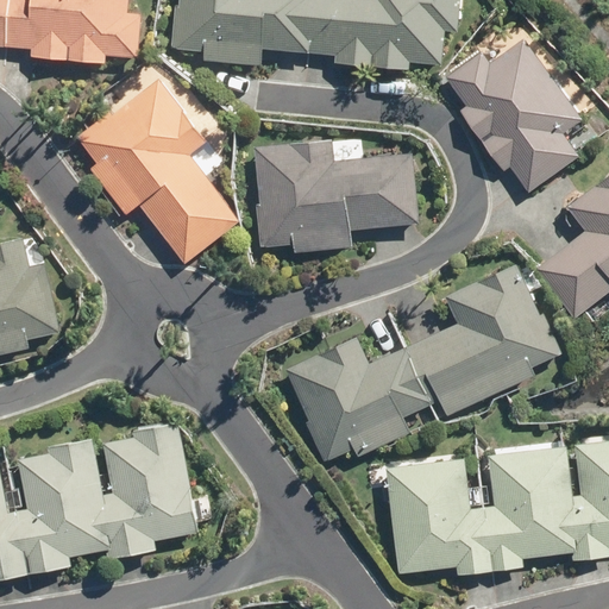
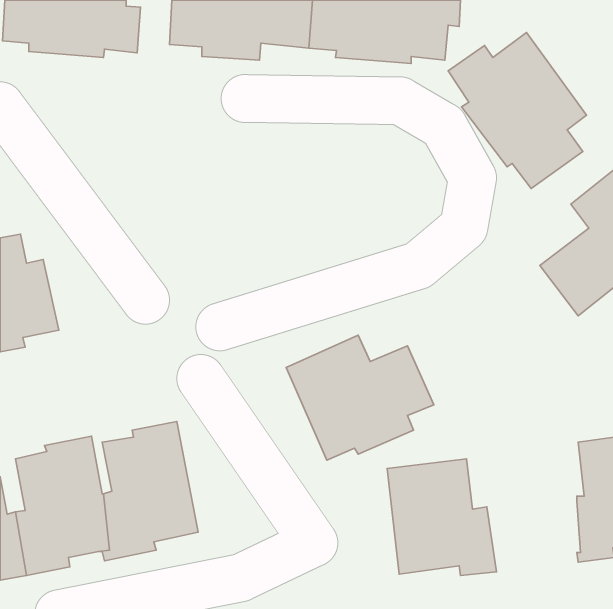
building: [74,79,239,264] -> none
building: [252,139,417,253] -> none
building: [404,263,560,414] -> none
building: [483,444,576,571] -> none

